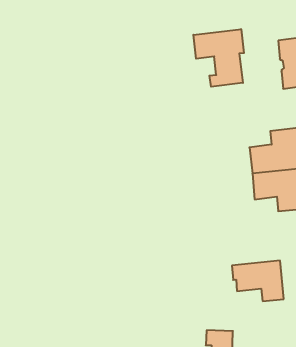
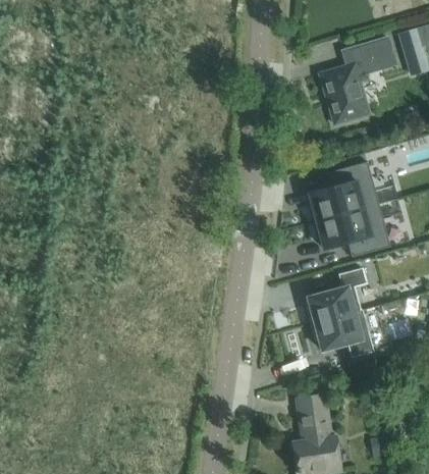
building: [193,29,244,87] -> none
building: none -> [307,267,366,323]

